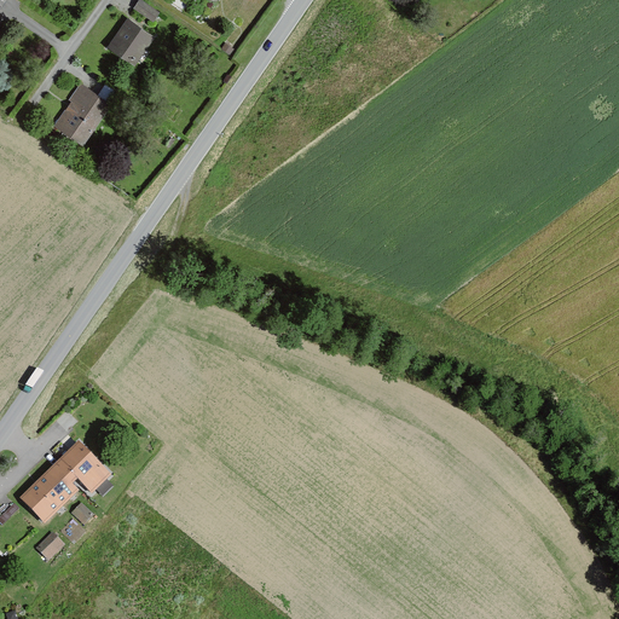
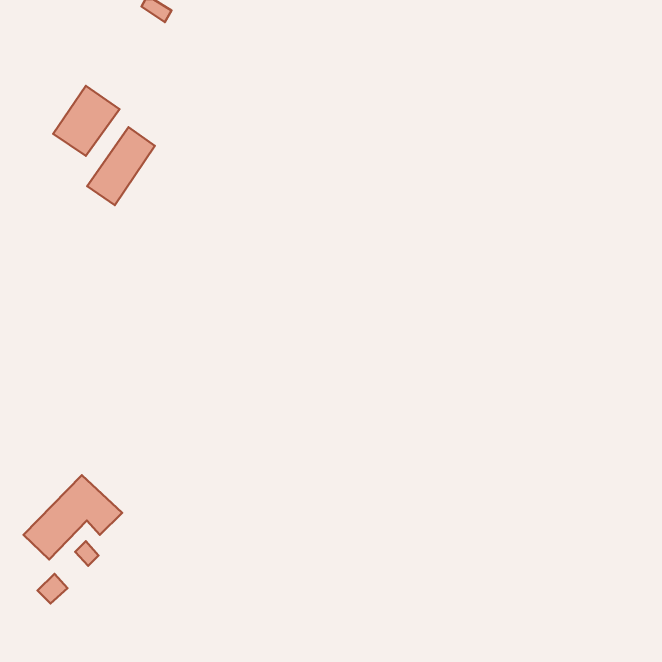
building: [105,15,154,63] -> none
building: none -> [87,127,155,205]

